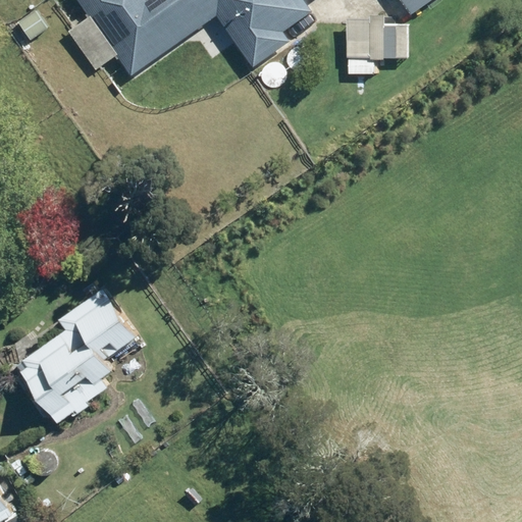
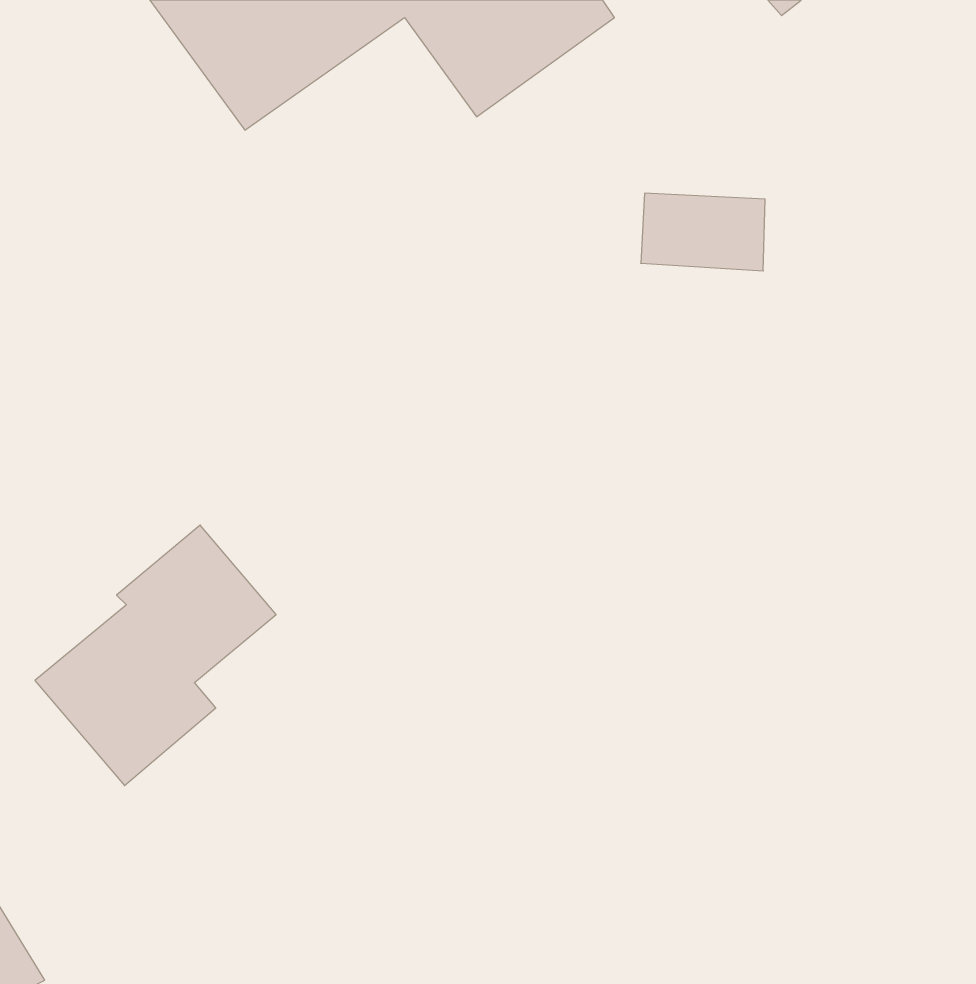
building: [344,17,409,58] -> [641,193,765,271]

